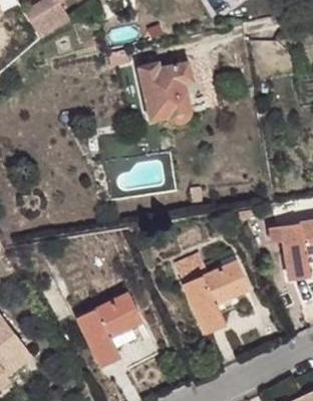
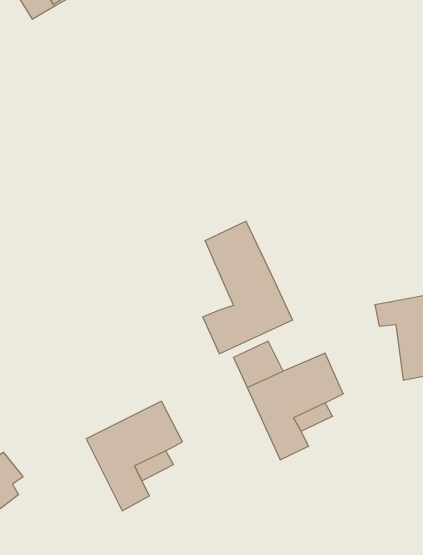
building: [137,60,193,123] -> none
building: none -> [203,221,292,354]

